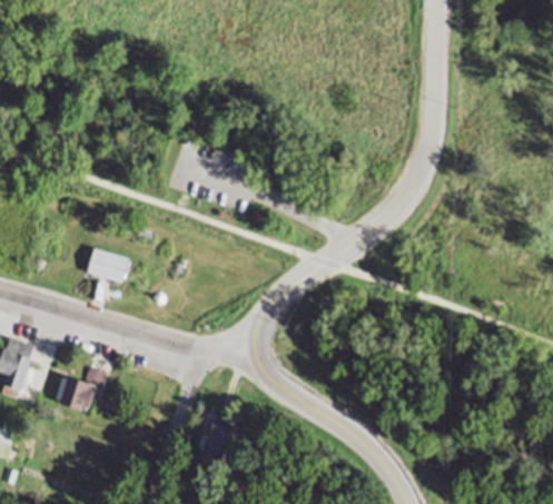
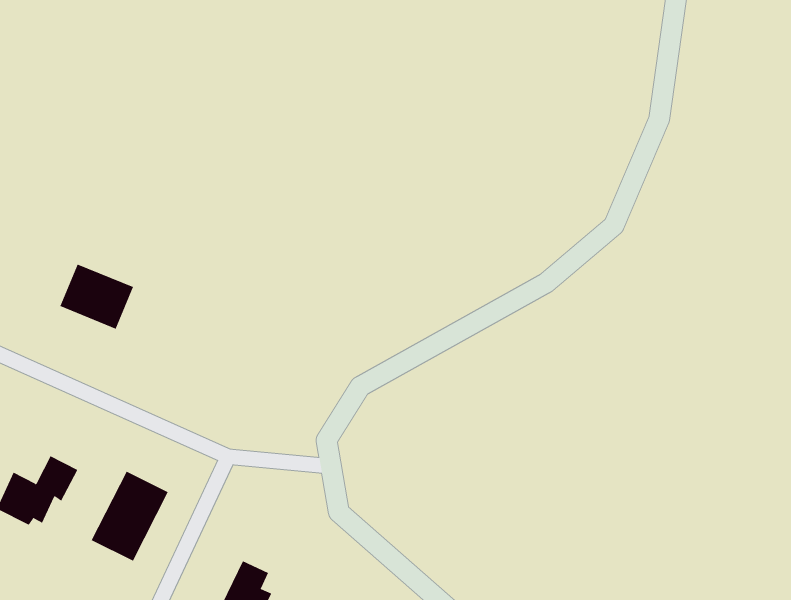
building: none -> [91,471,169,561]

